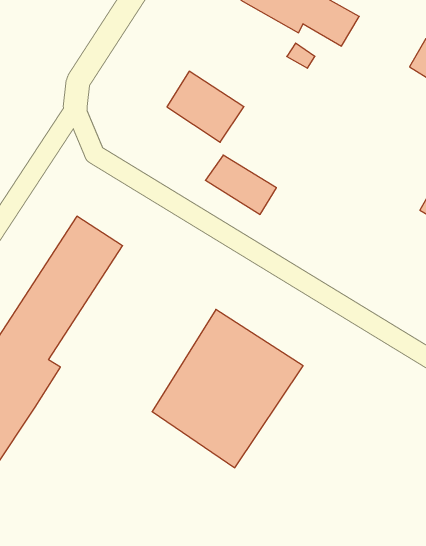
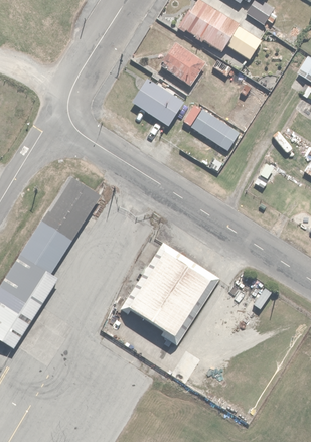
building: none -> [160,41,204,85]
building: [205,155,276,214] -> [190,110,239,150]

